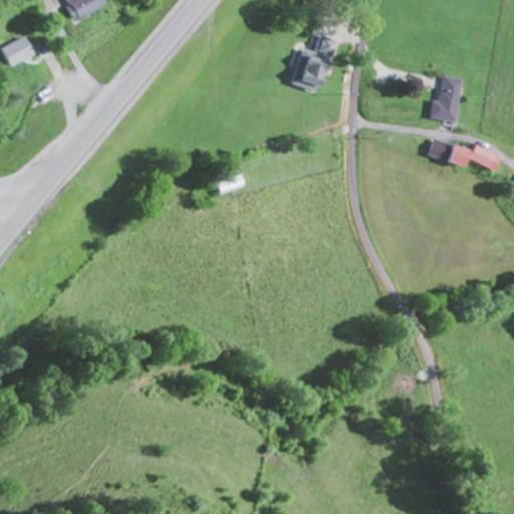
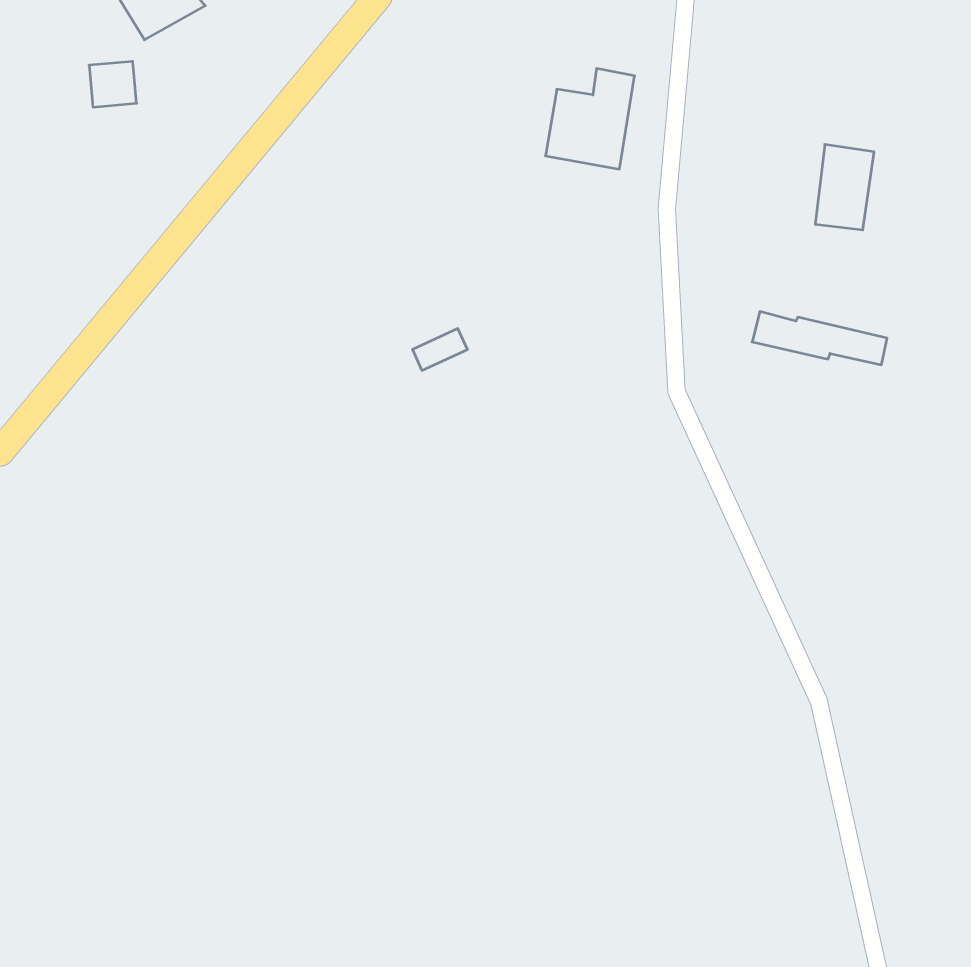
building: [9,39,34,63] -> [89,61,137,107]
building: [430,142,501,170] -> [752,312,887,365]

